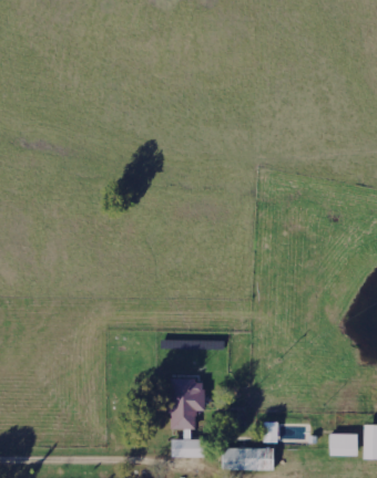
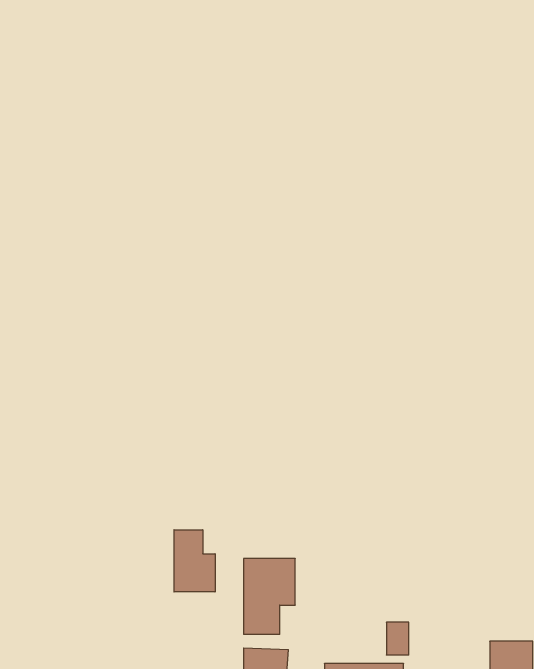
building: none -> [174,530,215,592]

